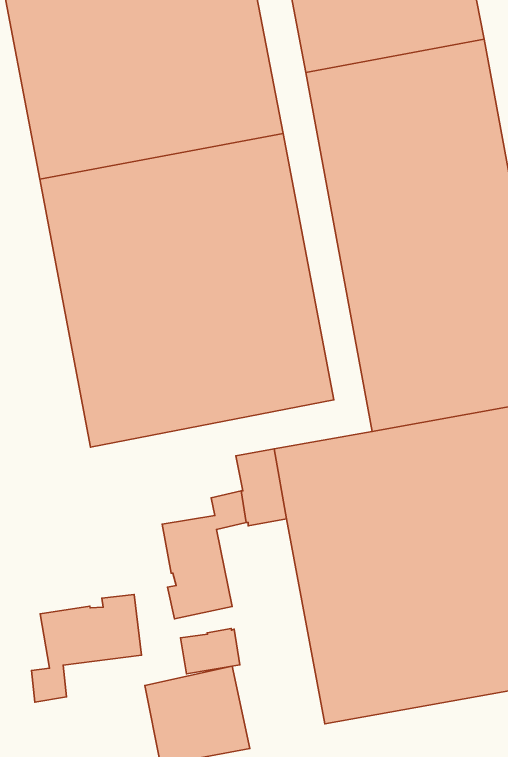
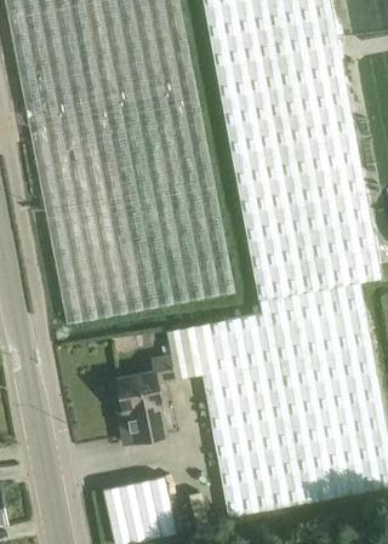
building: [32,594,142,702] -> none
building: [181,628,240,674] -> none

